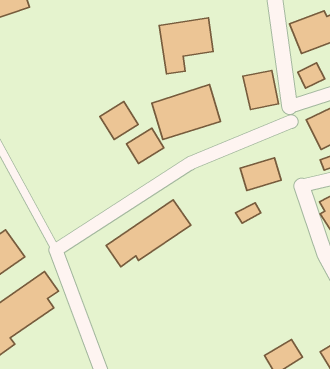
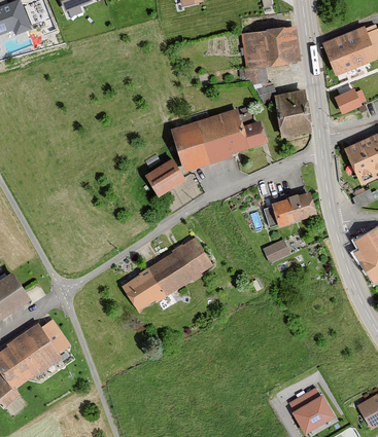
building: [159,18,213,74] -> [241,25,301,86]
building: none -> [239,120,267,150]
building: [100,101,138,140] -> none

